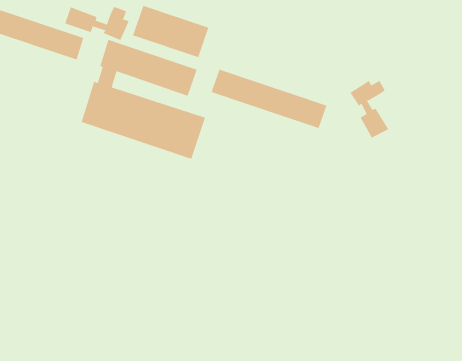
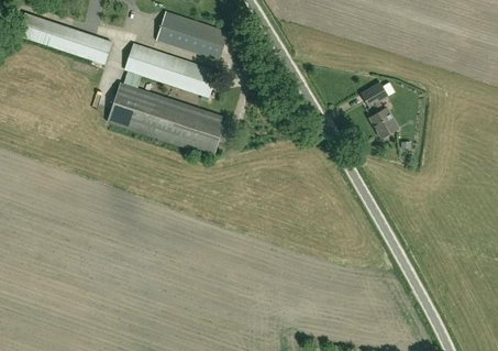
building: [65,6,130,41] -> none
building: [211,69,327,129] -> none

